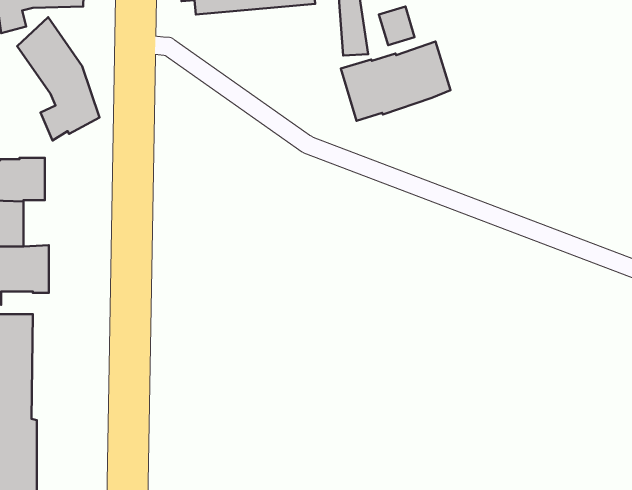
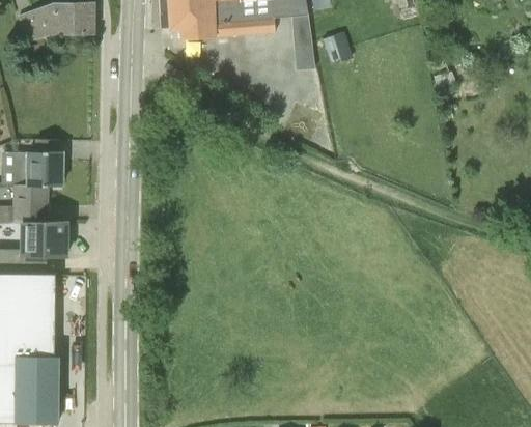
building: [17,17,100,141] -> none
building: [341,41,451,121] -> none

